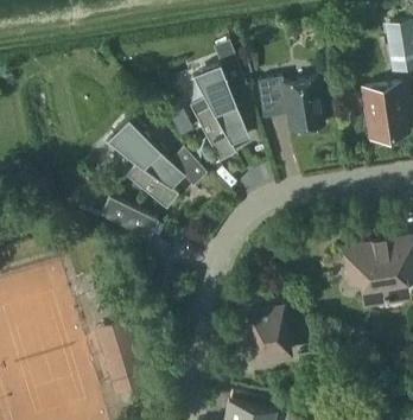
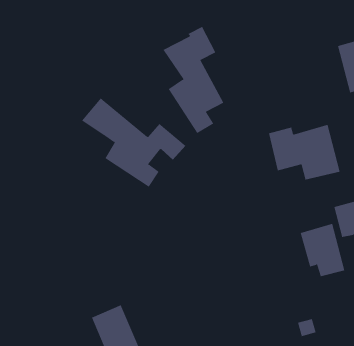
building: [258,77,324,131] -> [268,124,340,180]
building: [100,196,158,238] -> none
building: [248,307,288,358] -> [300,223,345,277]

